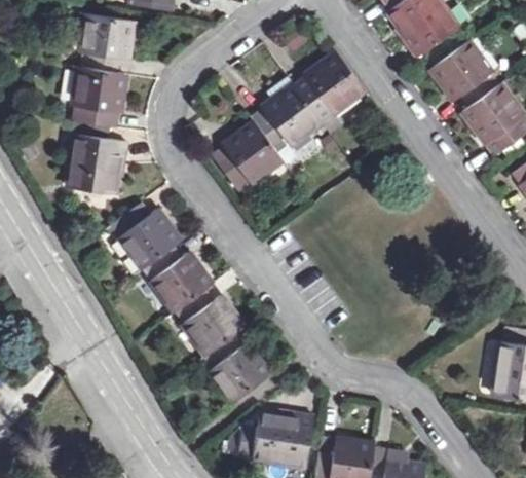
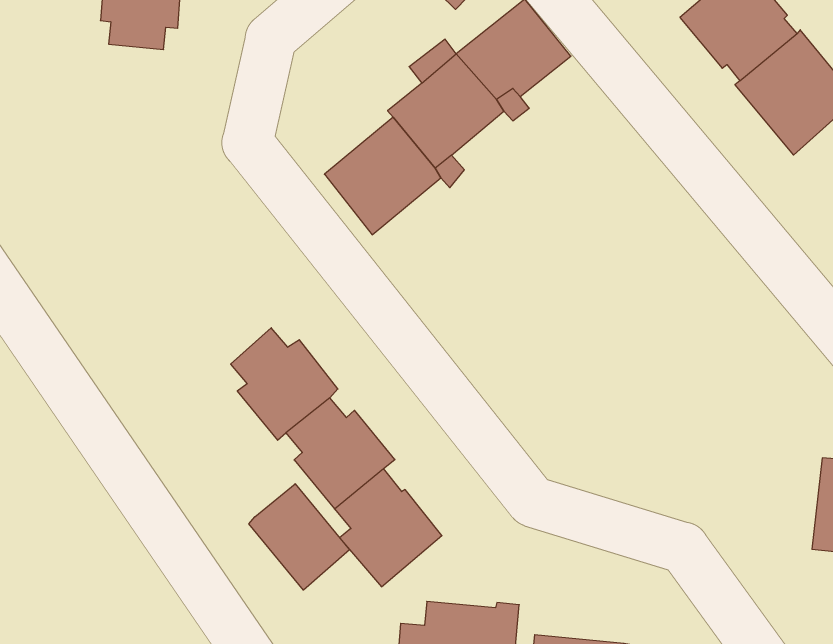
building: [74,67,125,125] -> none
building: [67,134,124,194] -> none
building: [116,200,180,267] -> none
building: none -> [249,484,349,590]

